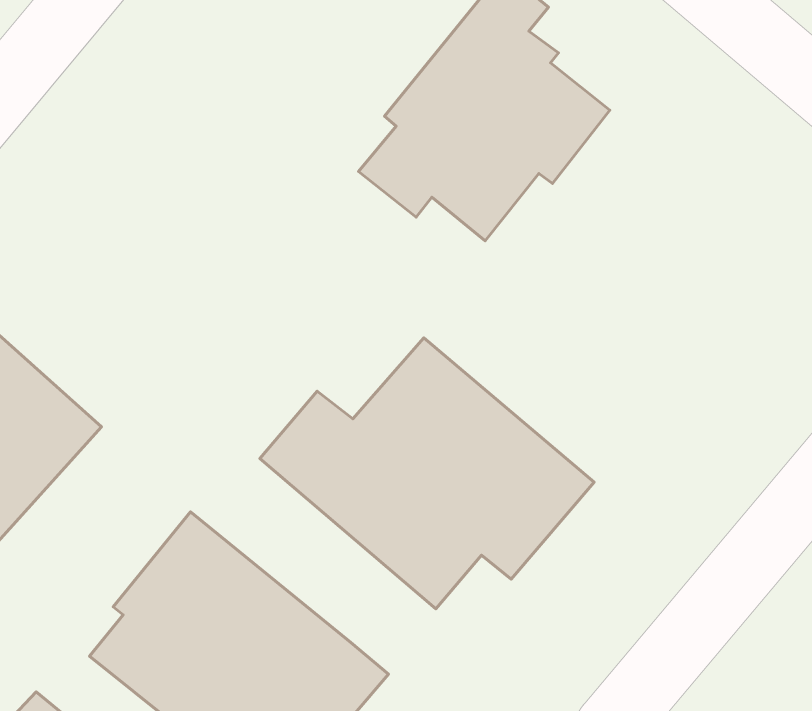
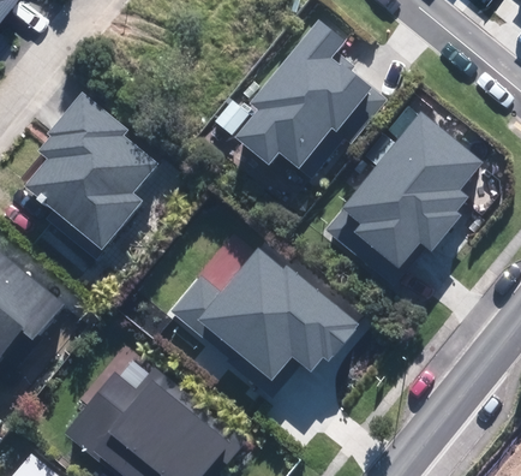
building: none -> [23,91,155,260]
building: none -> [340,111,481,269]

